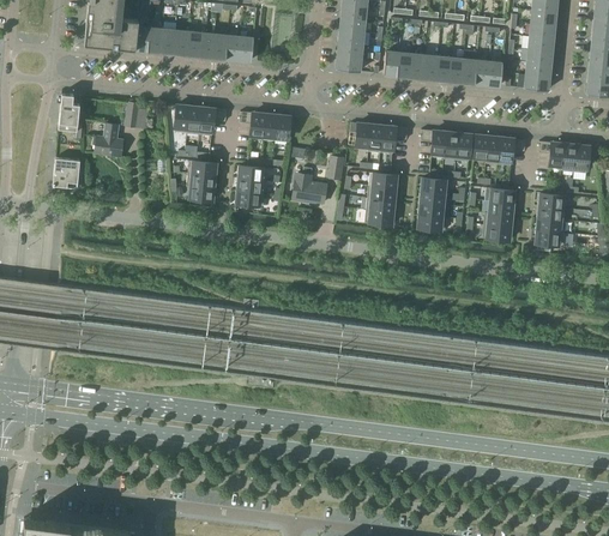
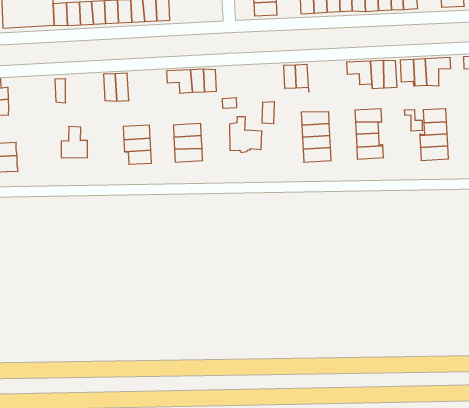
building: [199,107,227,135] -> none
building: [95,122,123,156] -> [61,127,88,158]
building: [380,125,408,153] -> none

